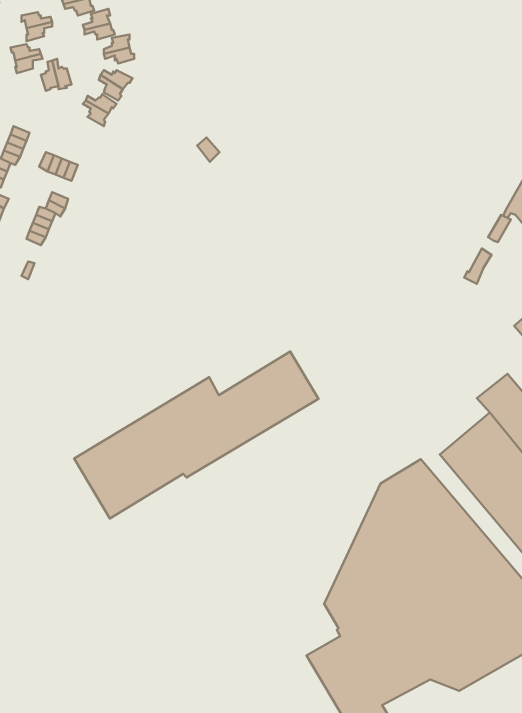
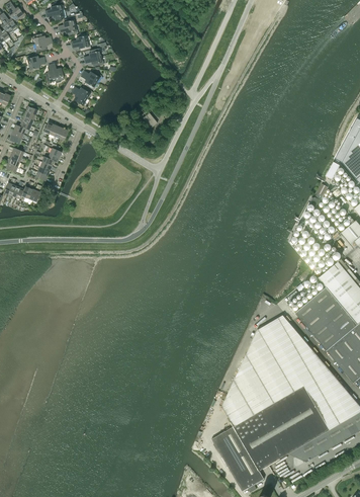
building: [74,351,318,518] -> none

